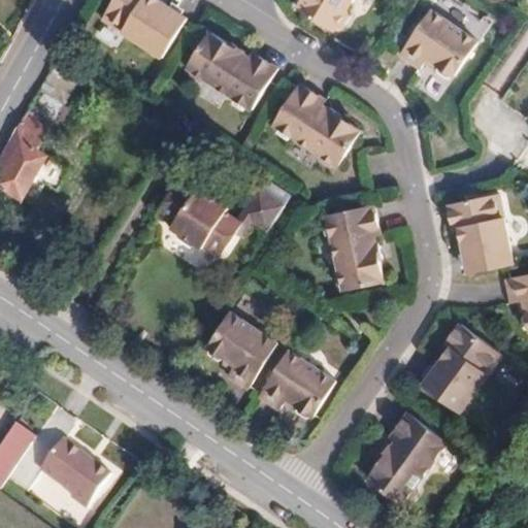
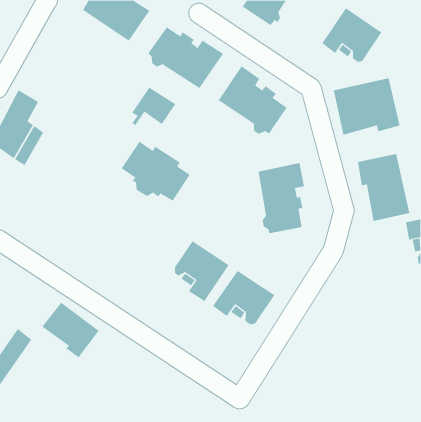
building: none -> [333,77,400,136]
building: [231,184,287,232] -> [132,87,176,126]
building: [422,322,499,409] -> none
building: [371,409,450,503] -> none
building: [35,438,107,508] -> [42,302,100,358]

